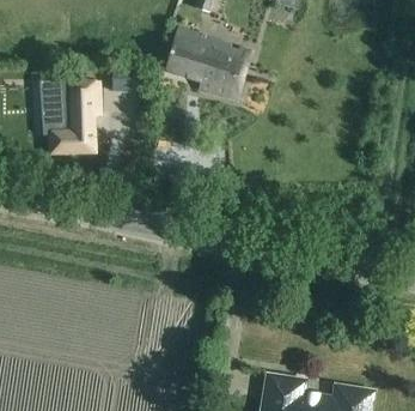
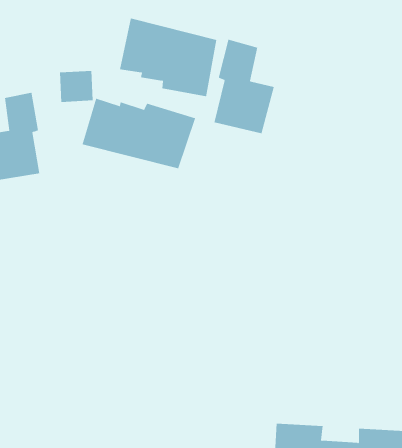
building: none -> [214,39,275,134]
building: none -> [82,98,196,169]

